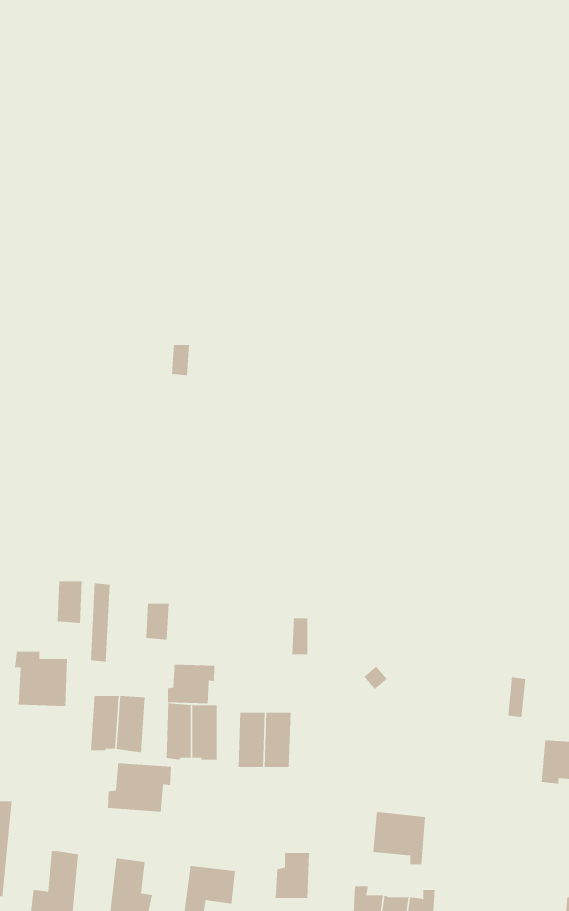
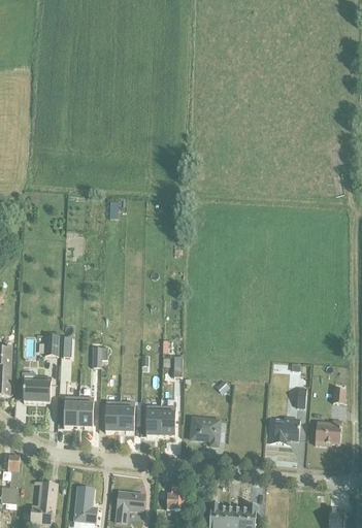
building: [167,664,215,704] -> none
building: none -> [272,417,299,443]
building: [107,762,172,812] -> none
building: [372,811,426,865] -> [189,416,219,446]

